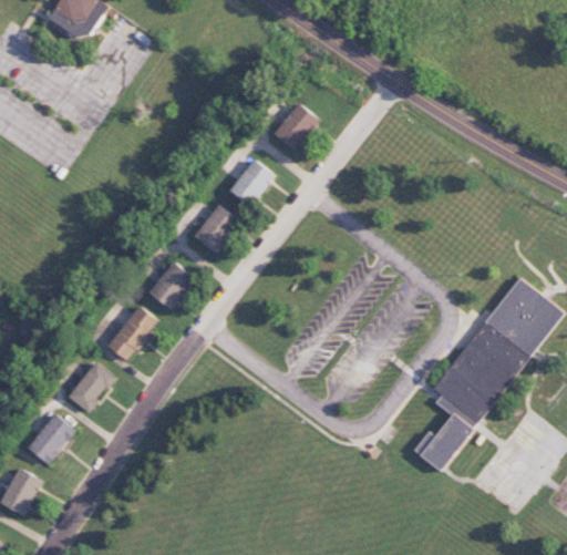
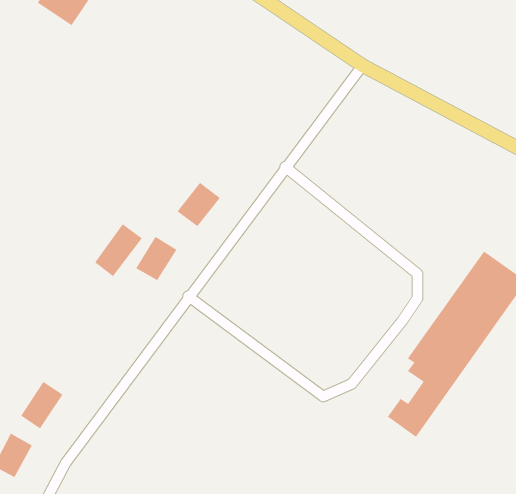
building: [274,103,319,151] -> none
building: [229,158,275,207] -> none
building: [107,306,158,362] -> [94,223,143,277]
building: [68,361,115,412] -> none

